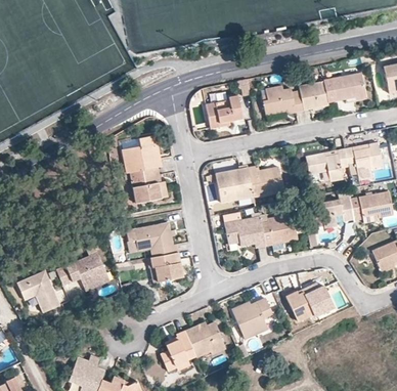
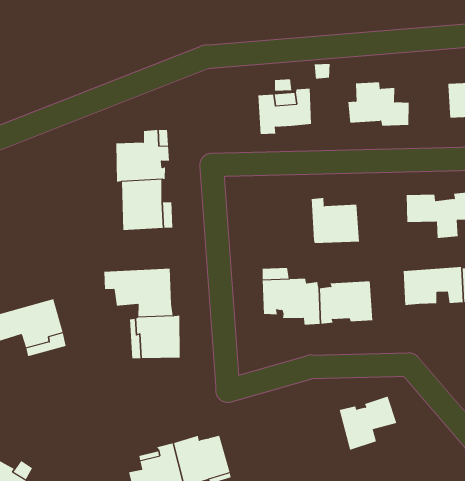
building: [300,82,329,111] -> none
building: [217,166,254,198] -> none
building: [230,299,271,338] -> none

